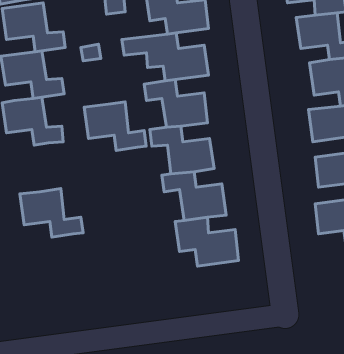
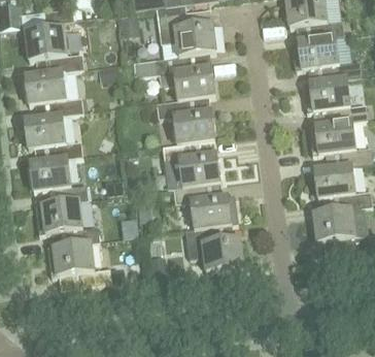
building: [84,102,146,151] -> [30,156,88,201]
building: none -> [46,240,111,286]

